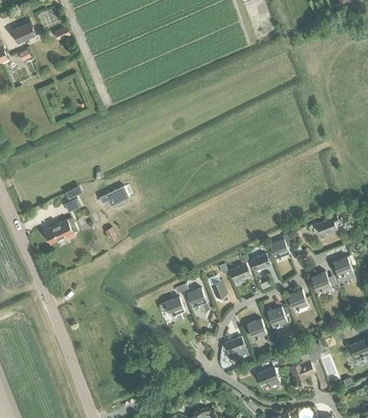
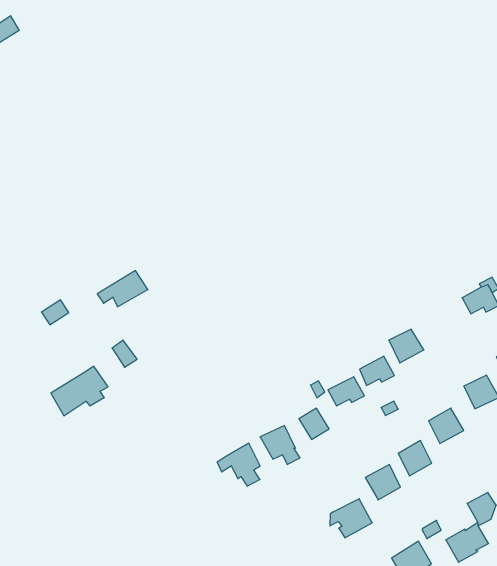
building: [44,215,78,242] -> [51,366,108,416]

